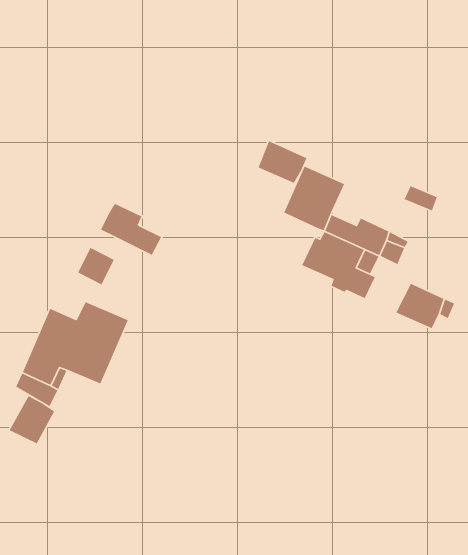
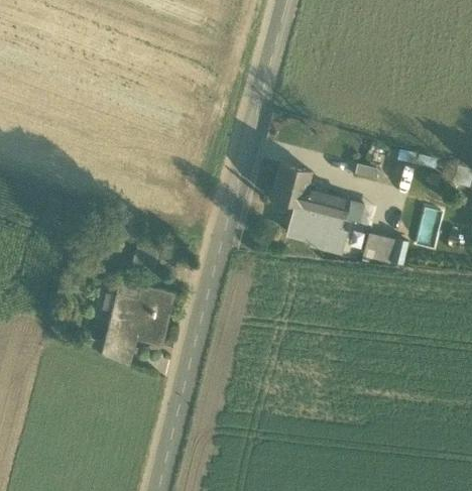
building: [258,140,307,184] -> none
building: [100,203,162,256] -> none
building: [9,395,55,444] -> none

